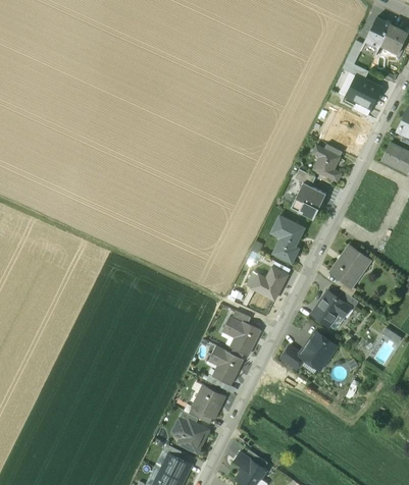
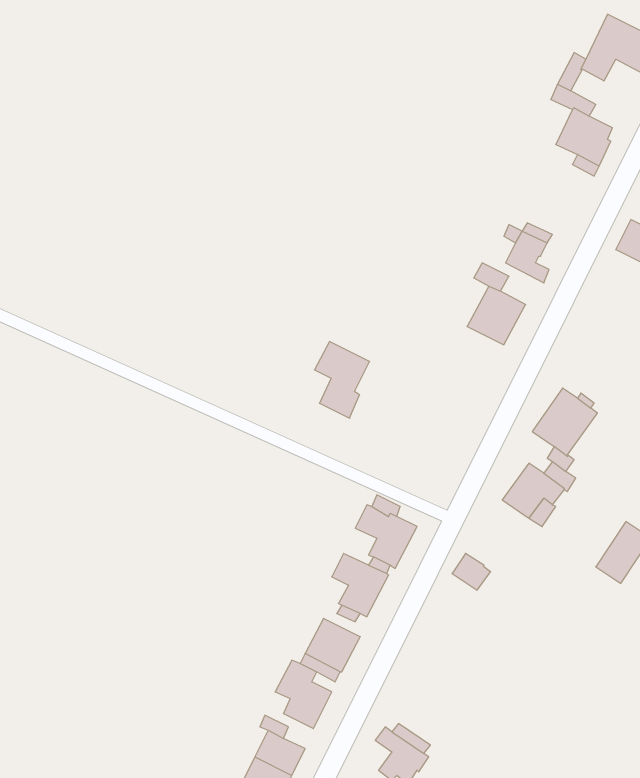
building: [270,215,304,262] -> [314,342,370,418]
building: [251,266,287,300] -> none
building: [301,332,334,366] -> none

